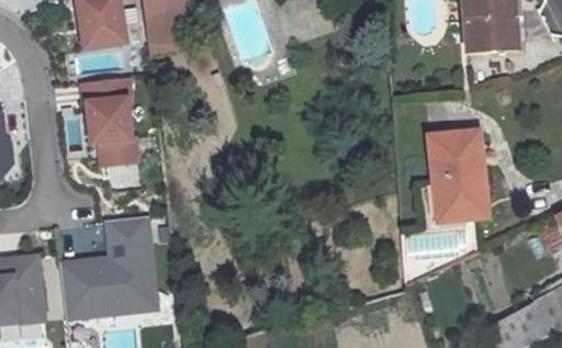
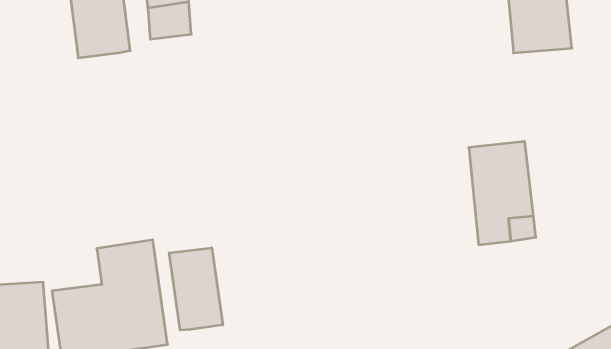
building: [80,77,140,165] -> none
building: none -> [169,248,223,330]

